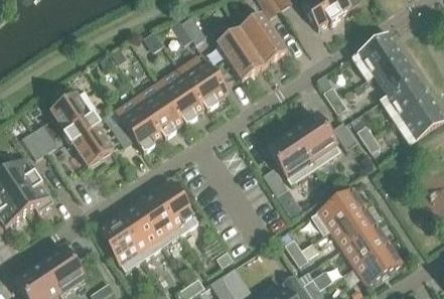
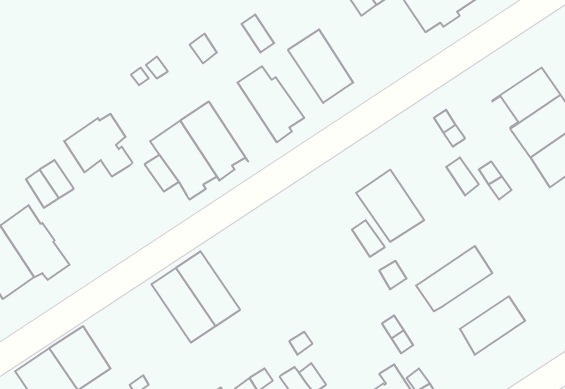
building: [239,12,287,66] -> none
building: [351,33,403,80] -> none
building: [157,66,207,125] -> none
building: [291,115,340,168] -> none
building: [62,124,114,167] -> none
building: [151,179,198,235] -> none
building: [330,207,379,249] -> none
building: [96,215,144,272] -> none
building: [353,243,403,286] -> none

